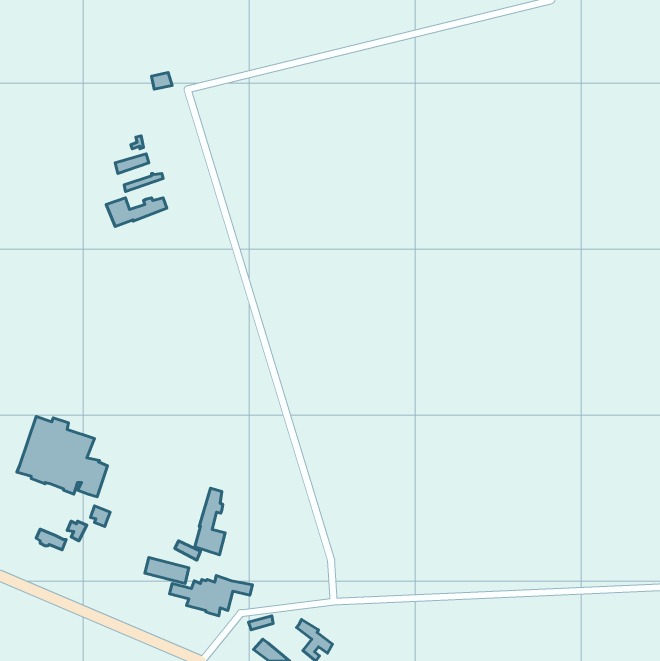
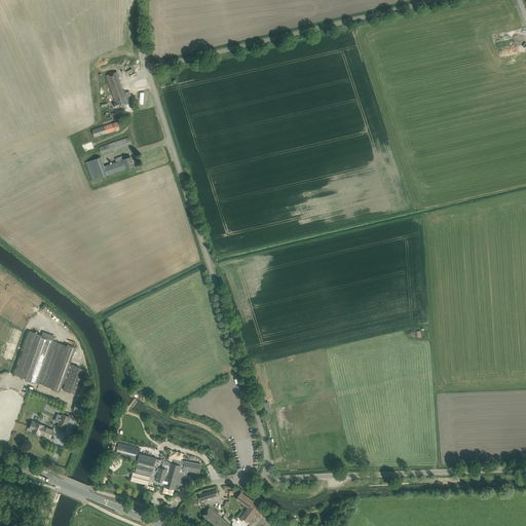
building: none -> [106,72,129,108]
building: [195,488,225,555] -> none

